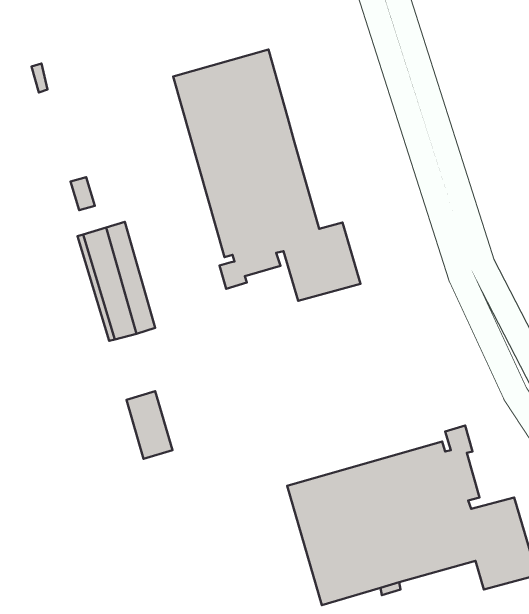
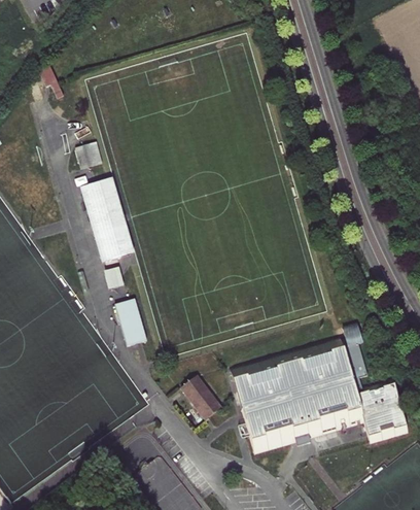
building: [173,50,361,301] -> none
building: none -> [181,376,222,421]

